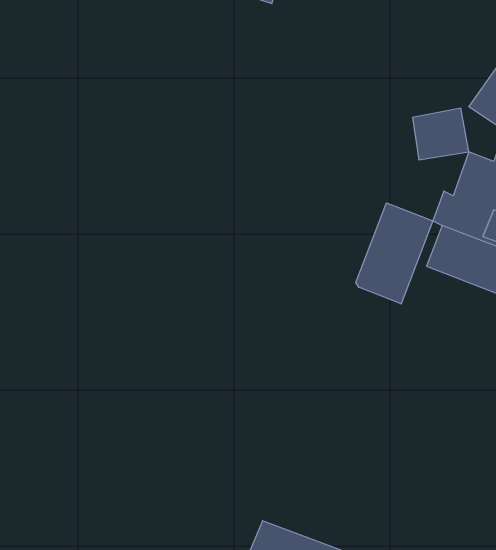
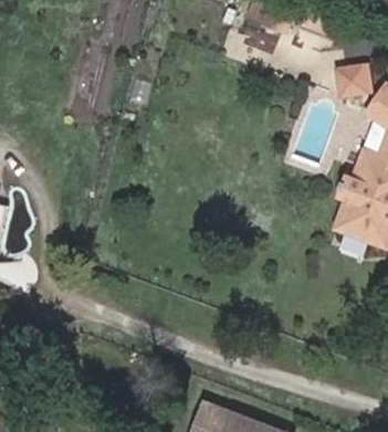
building: [412,108,469,160] -> [333,60,373,96]
building: [356,203,433,304] -> none

